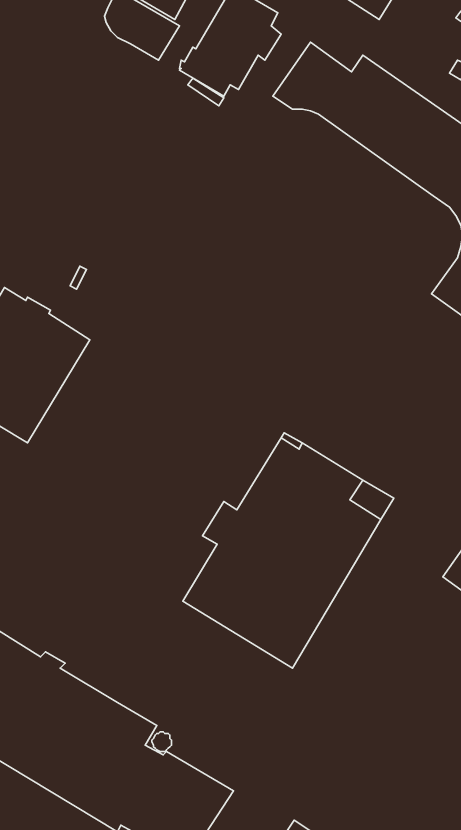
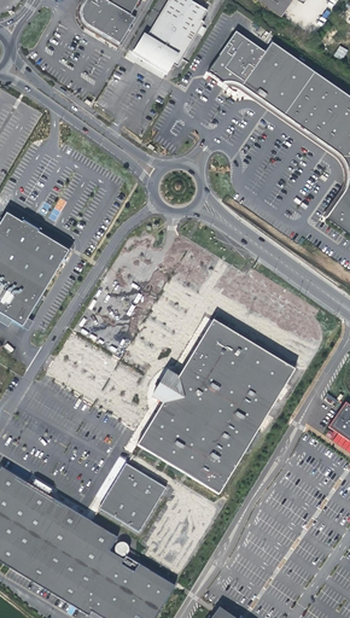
building: none -> [99,462,167,532]

